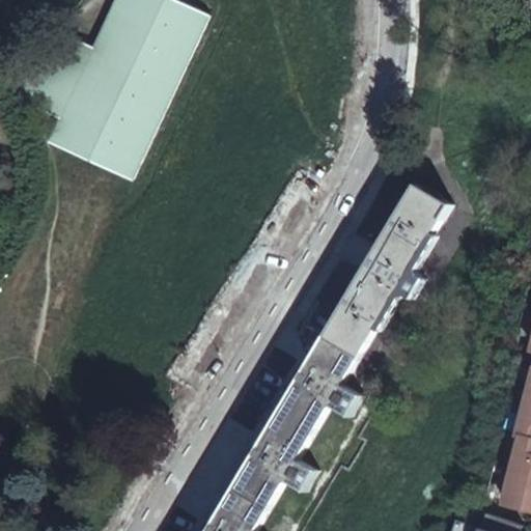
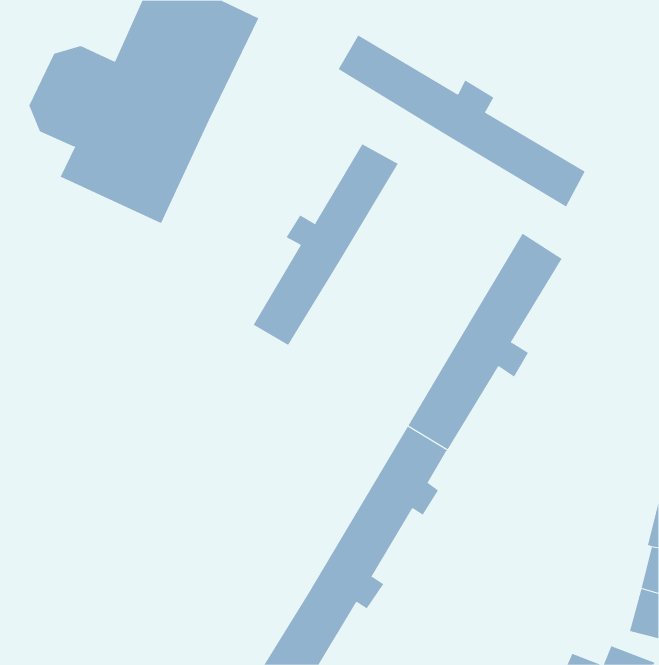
building: none -> [338,35,586,207]
building: none -> [253,143,399,346]

